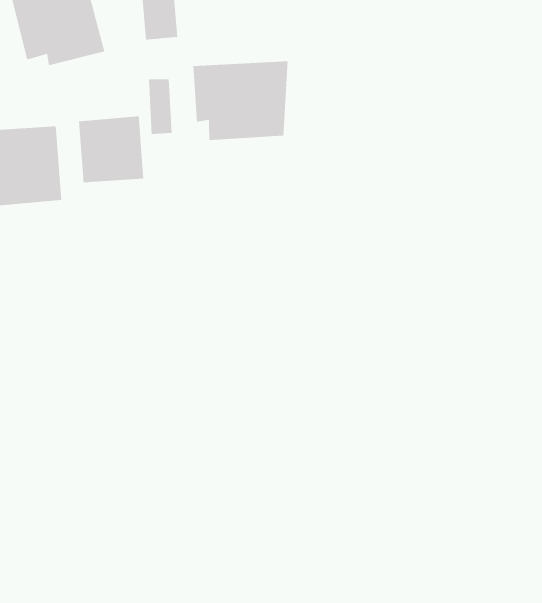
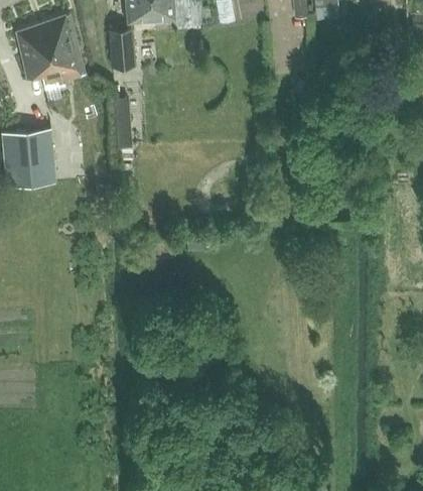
building: [193,61,288,141] -> none
building: [79,116,144,183] -> none

